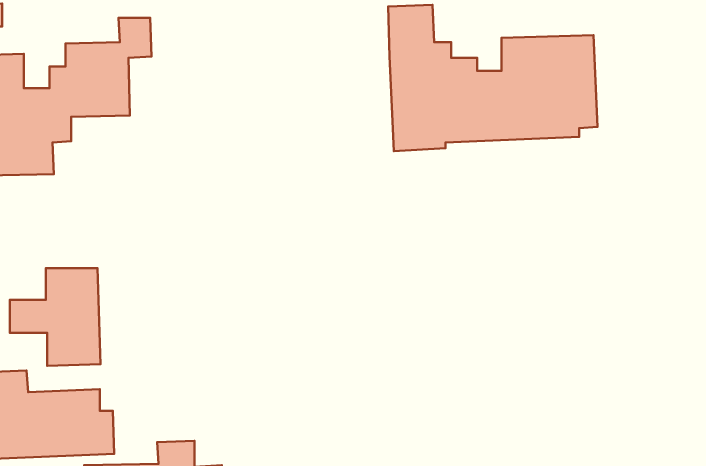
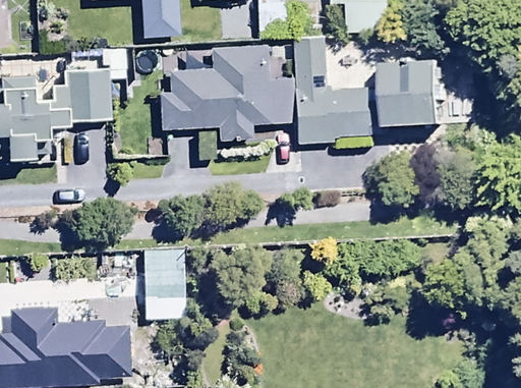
building: none -> [158,45,297,142]
building: [10,268,100,366] -> [118,250,182,319]

